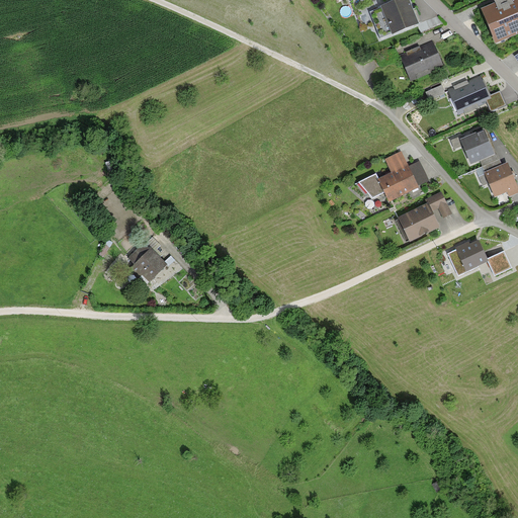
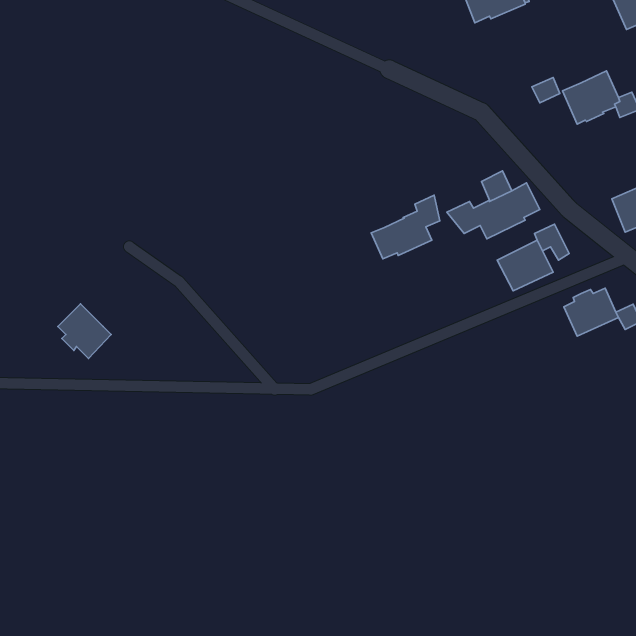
building: [400,38,444,79] -> none
building: [460,131,495,164] -> none
building: none -> [371,195,440,259]
building: [127,241,168,282] -> [58,304,111,358]

